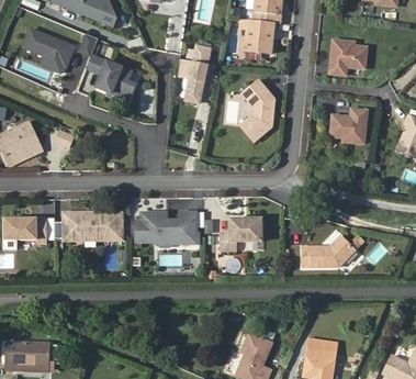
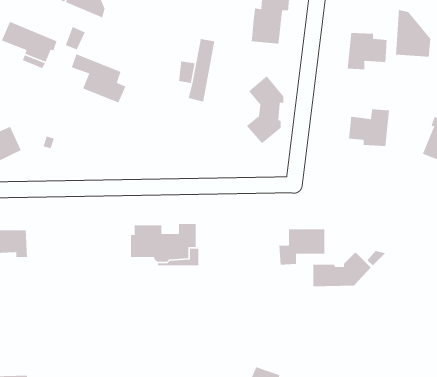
building: none -> [395,9,431,57]
building: [61,210,122,238] -> none
building: [218,216,260,249] -> [278,229,325,266]

